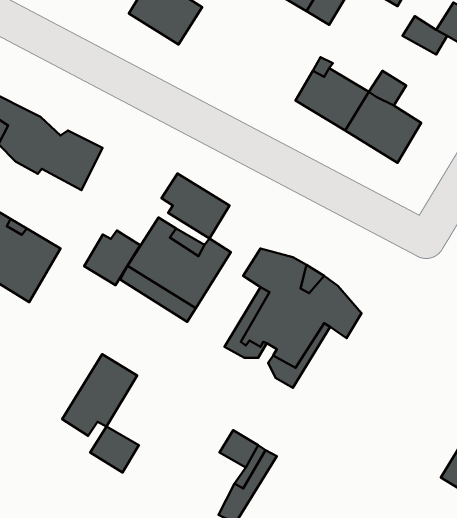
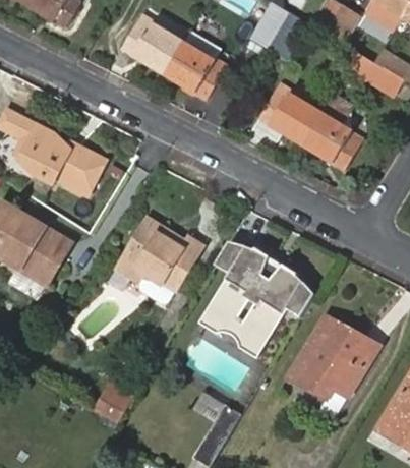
building: none -> [164,44,223,101]
building: [162,173,230,239] -> none
building: [84,230,140,285] -> none
building: none -> [290,315,374,400]
building: [62,354,137,436] -> none

